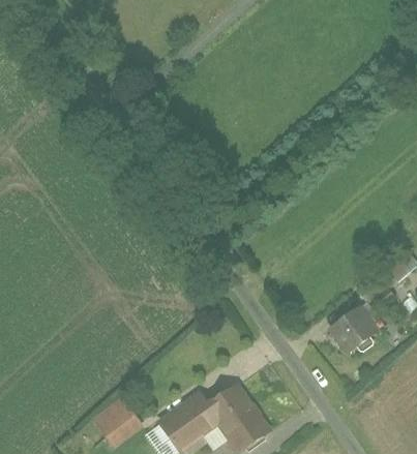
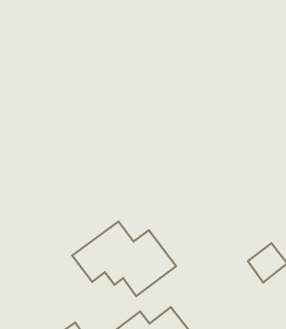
building: none -> [72,221,176,296]

